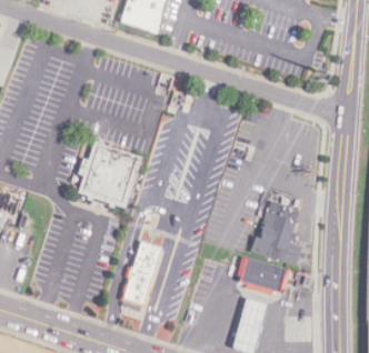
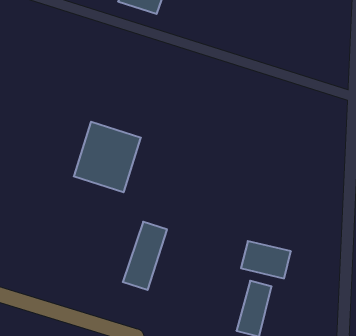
building: [256,199,301,262] -> none

